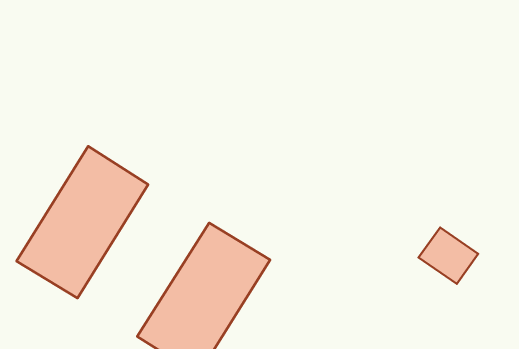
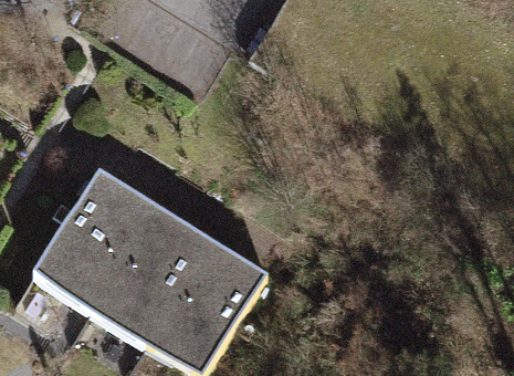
building: none -> [87,201,209,342]

